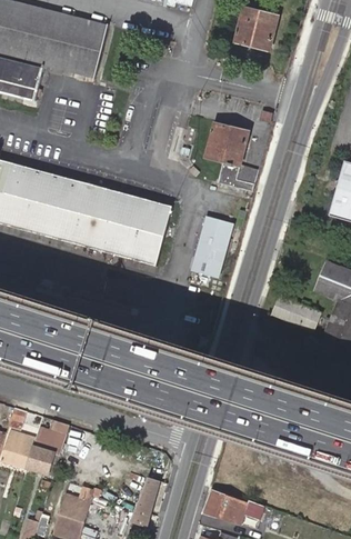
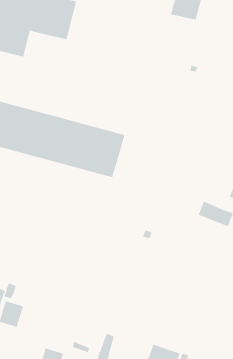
building: [204,121,258,191] -> none
building: [189,216,233,279] -> none
building: [26,425,62,475] -> none

